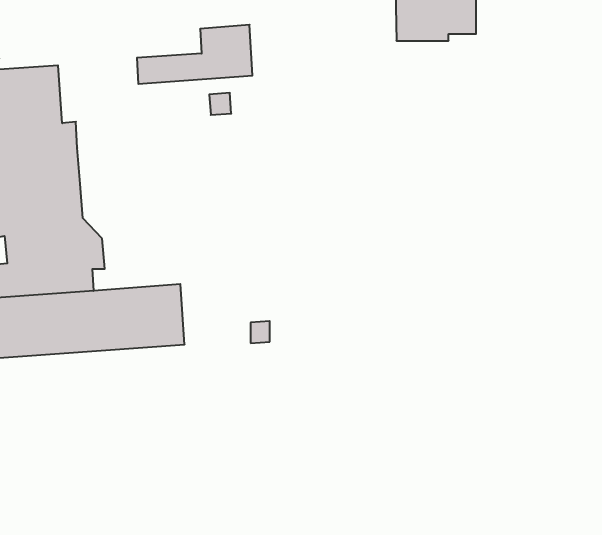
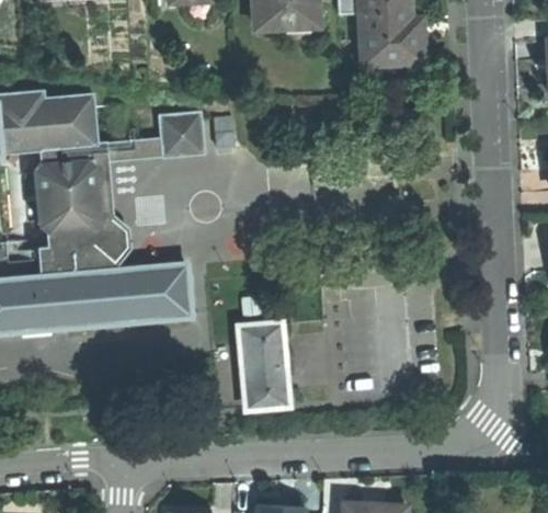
building: [137,25,252,84] -> [107,111,199,158]
building: none -> [242,322,289,404]

